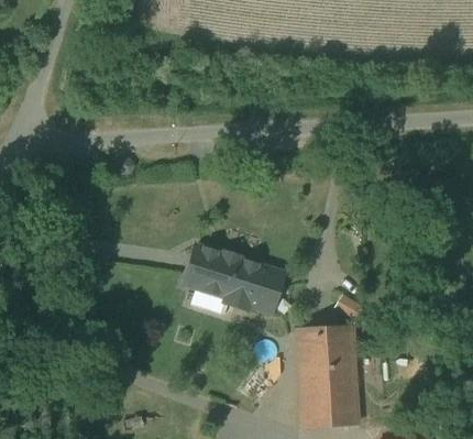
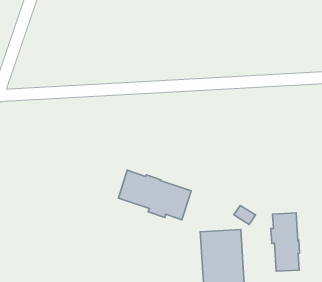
building: none -> [271,213,299,271]

